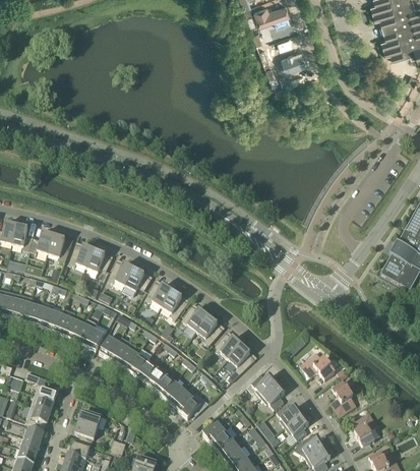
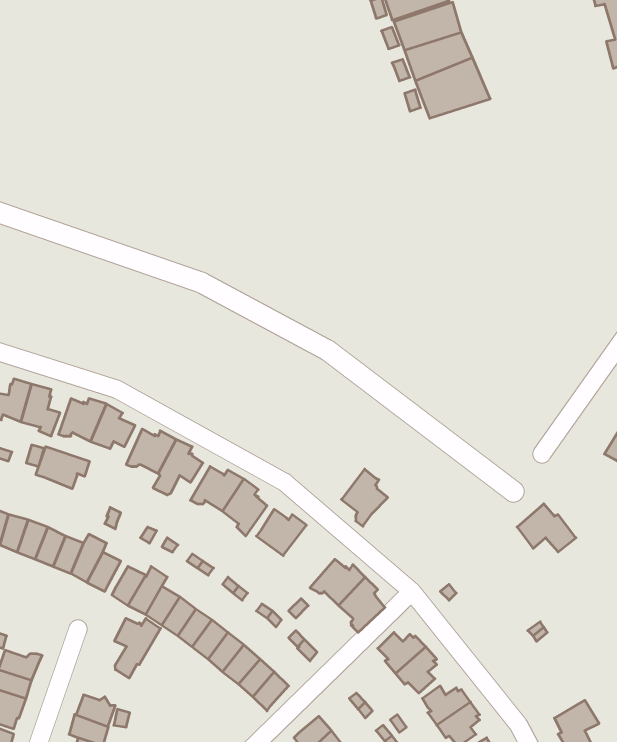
building: none -> [36,447,89,489]
building: [197,312,224,345] -> [341,469,388,526]
building: [301,351,335,378] -> [517,504,576,552]
building: none -> [115,618,161,678]
building: [331,380,356,415] -> none

